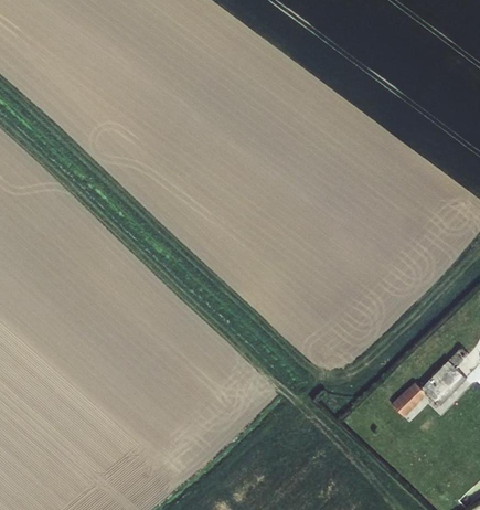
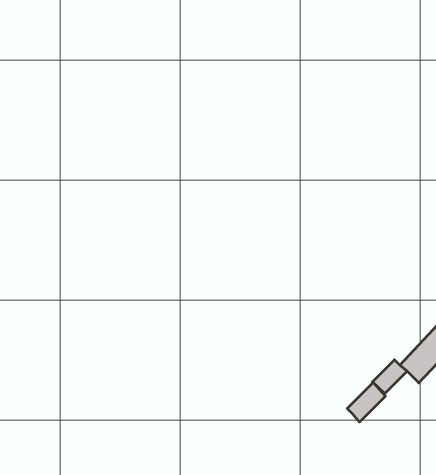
building: none -> [347,383,385,422]

